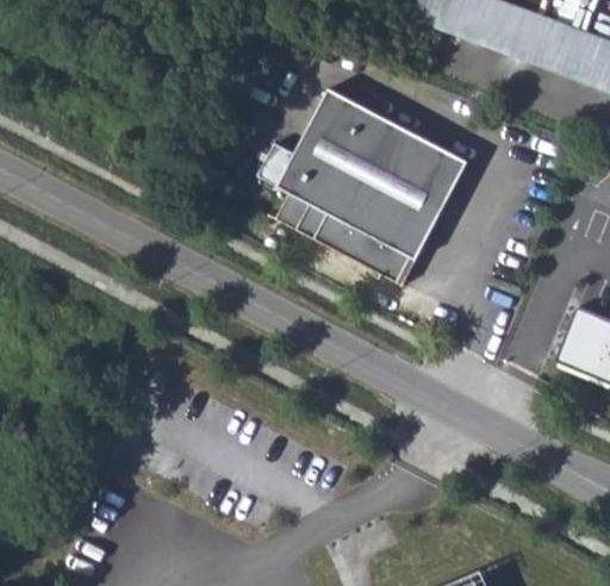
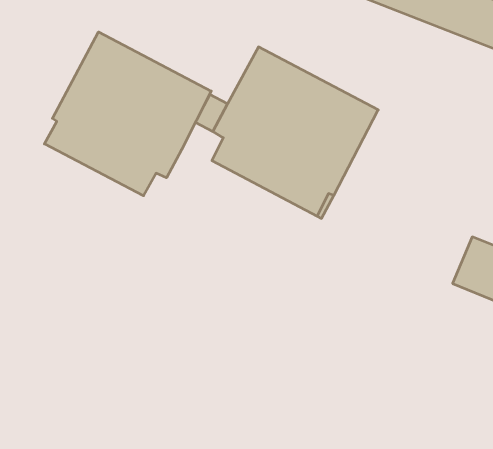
building: none -> [44,32,211,196]

